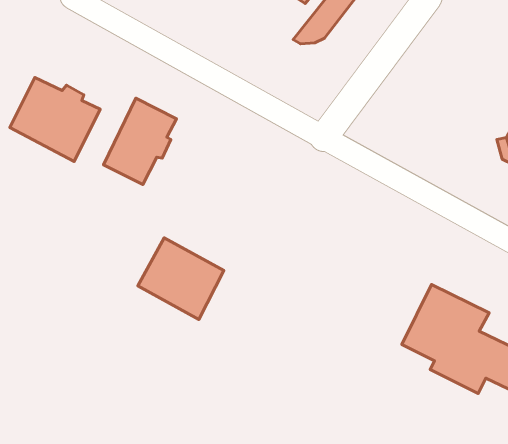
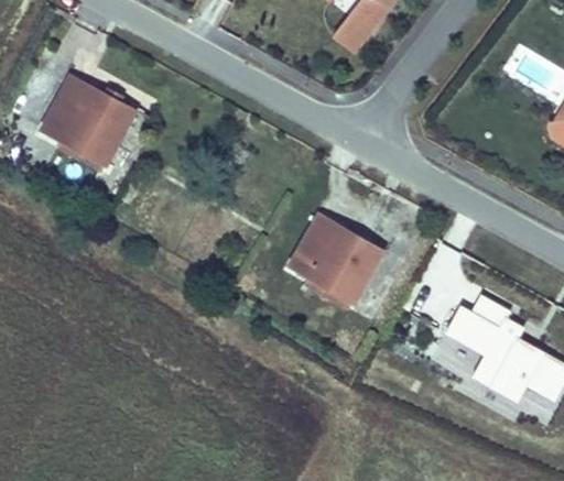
building: [104,98,177,185] -> none
building: [138,238,224,319] -> [295,216,382,298]

